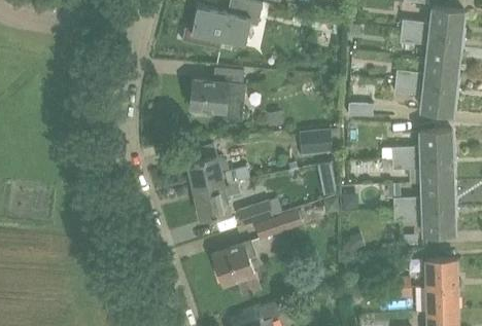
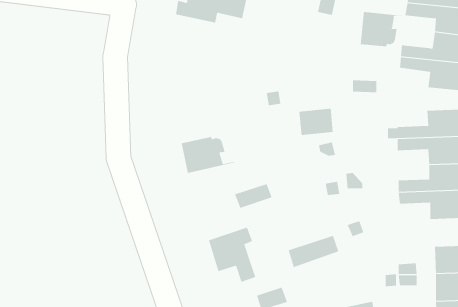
building: none -> [360,11,405,47]
building: [191,68,246,116] -> none
building: [194,180,241,218] -> none
building: [254,208,303,239] -> [288,235,339,268]

